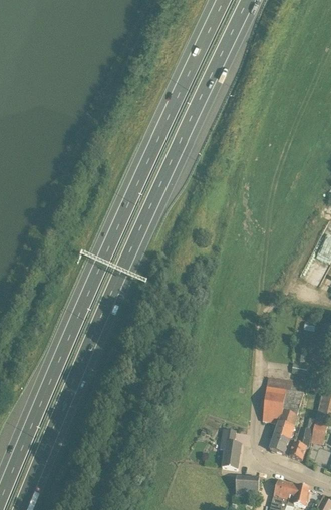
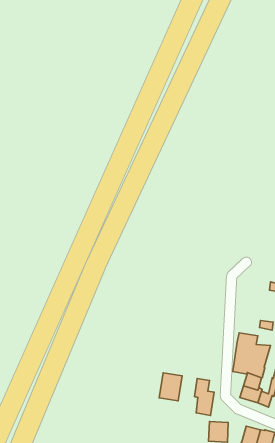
building: none -> [159,373,182,401]

